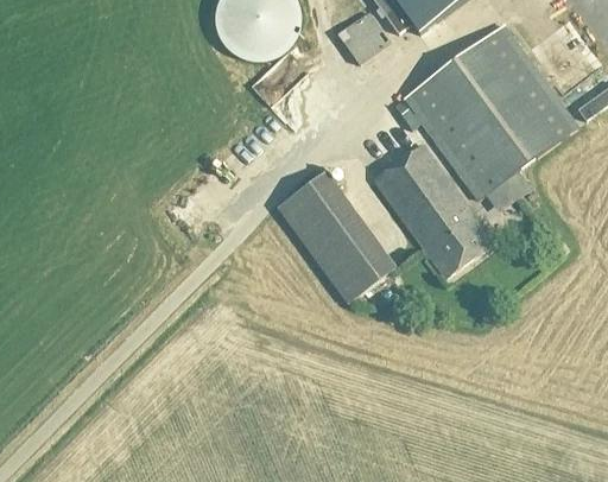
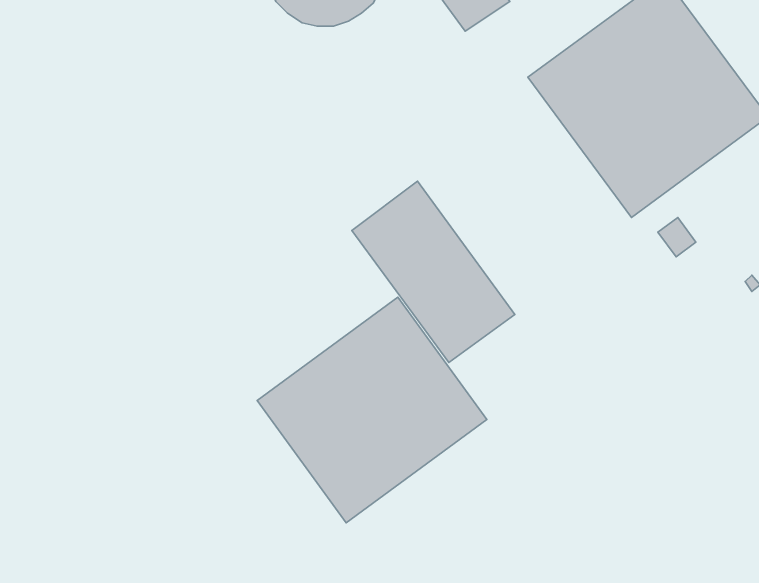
building: [373,142,494,277] -> none
building: none -> [257,297,487,523]

